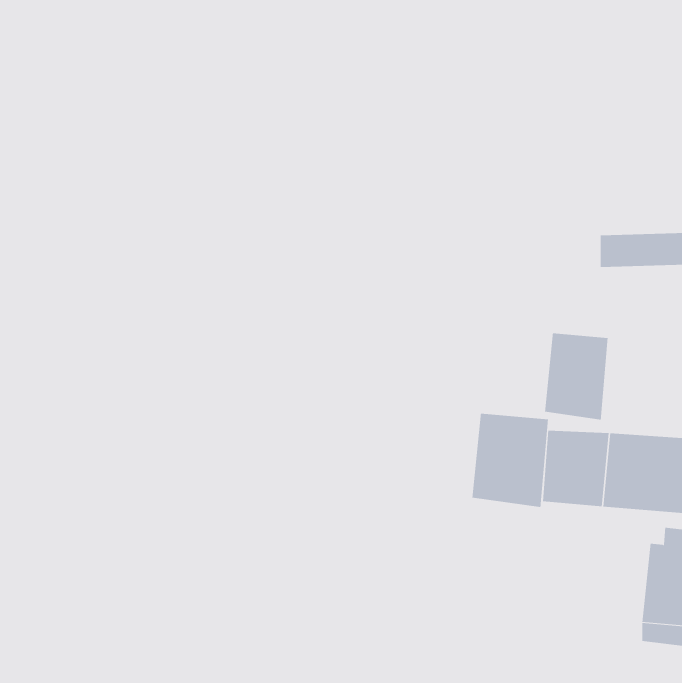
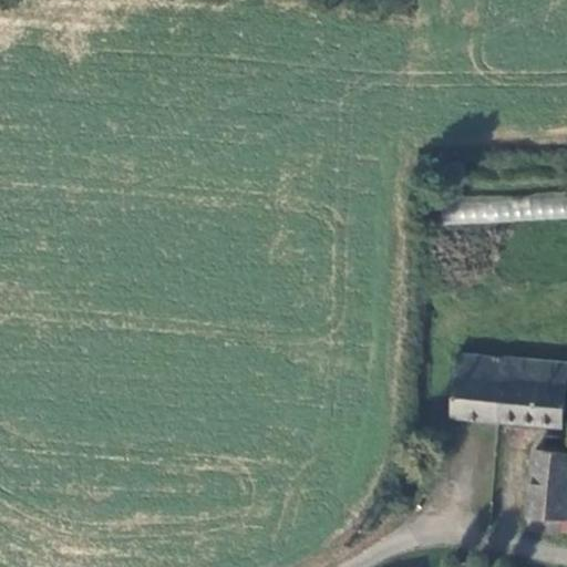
building: [544,333,608,420] -> none
building: [472,413,548,508] -> none

